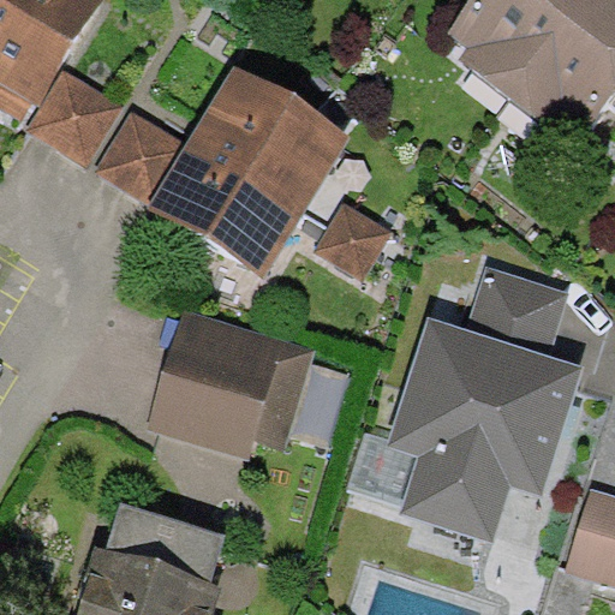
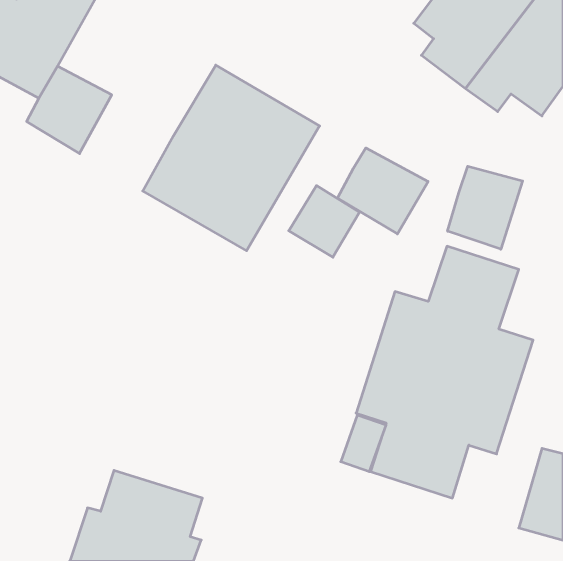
building: [95,112,189,208] -> none
building: none -> [337,148,428,234]
building: none -> [448,166,523,249]
building: [149,311,314,459] -> none

